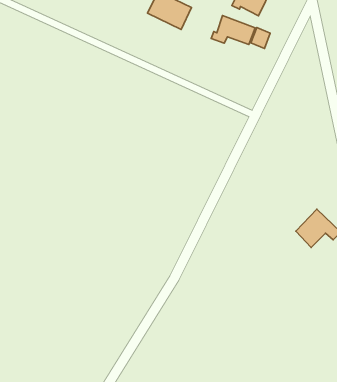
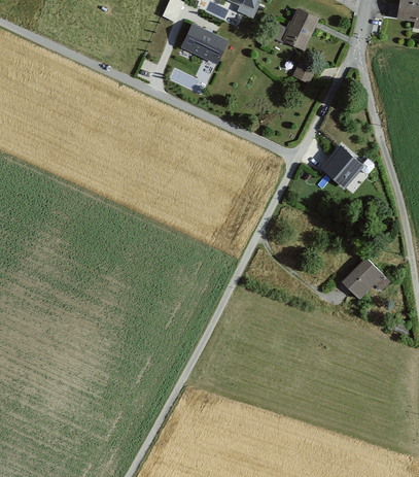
building: [211,16,255,44] -> none
building: none -> [321,146,362,188]

